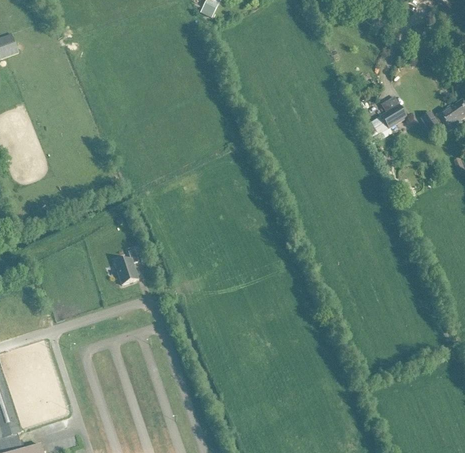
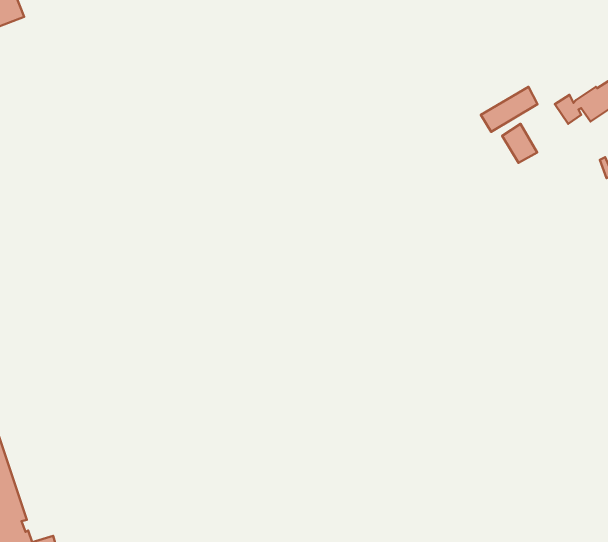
building: none -> [502,124,537,163]
building: [115,248,139,284] -> none

